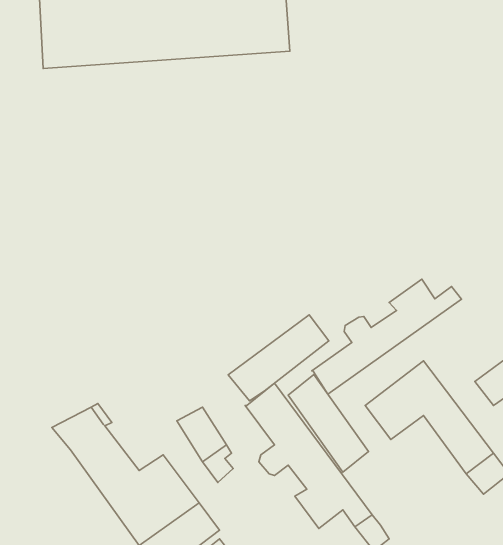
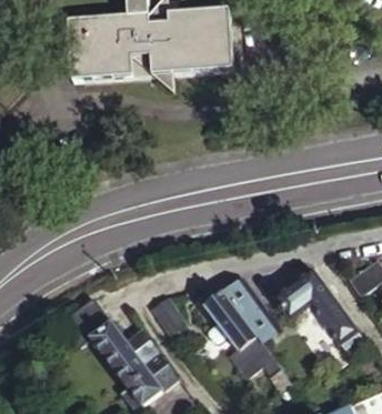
building: [312,279,461,394] -> none
building: [228,315,329,401] -> none

